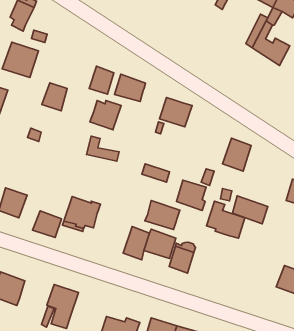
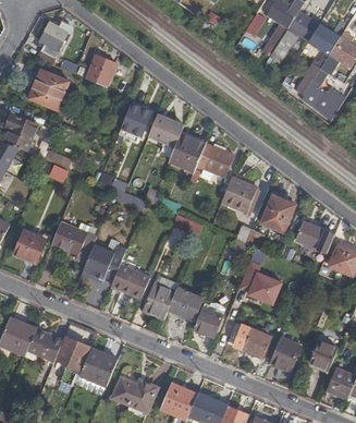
building: [42,83,67,111] -> [86,56,115,87]
building: [90,100,121,130] -> [171,133,207,167]
building: [176,180,206,211] -> [222,178,256,213]
building: [232,196,268,224] -> [295,219,334,252]
building: [145,200,180,230] -> [111,264,150,298]
building: [33,211,62,237] -> [53,222,86,253]
building: none -> [241,329,270,359]
building: none -> [269,337,300,371]
building: none -> [27,328,62,362]
building: none -> [82,349,119,385]

